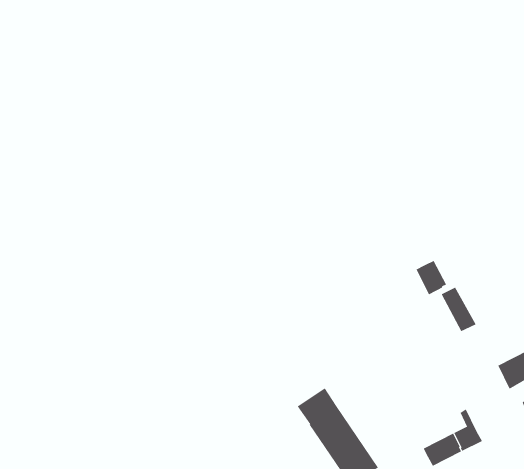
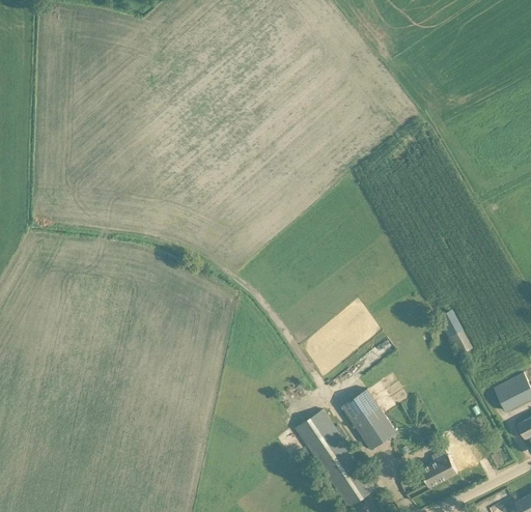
building: [416,260,447,295] -> none
building: none -> [341,390,395,450]

